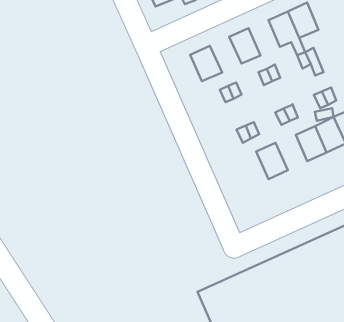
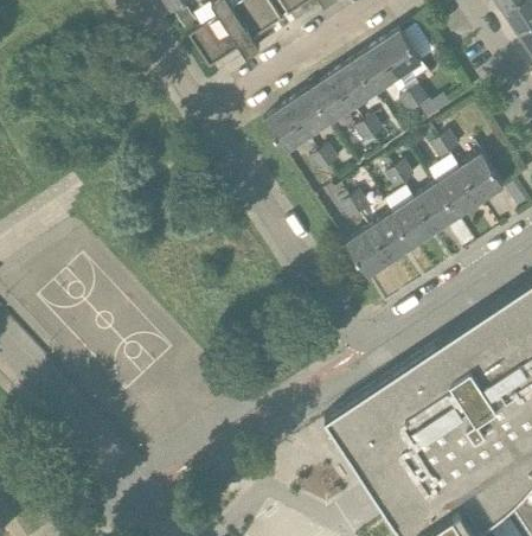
building: none -> [332,60,376,107]
building: none -> [287,90,331,136]
building: none -> [391,199,435,245]
building: none -> [346,229,390,275]

